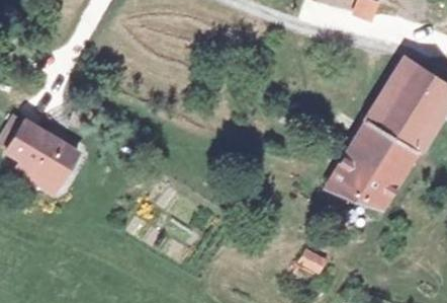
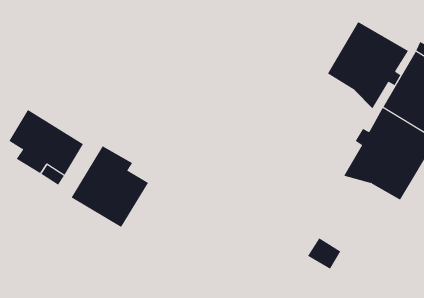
building: none -> [327,21,409,109]
building: none -> [71,145,149,228]

